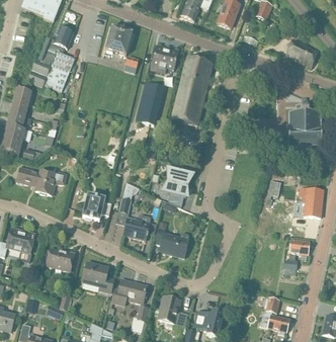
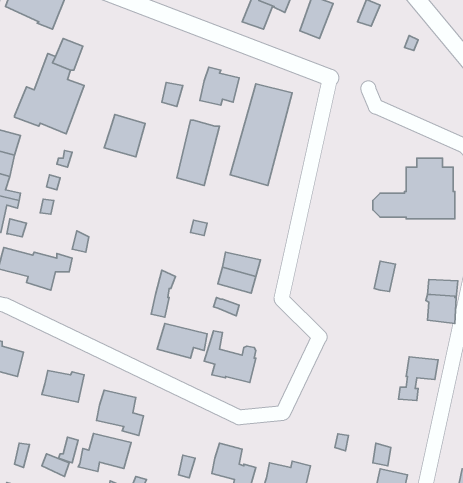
building: [104,26,132,55] -> [104,114,145,157]
building: [285,39,319,67] -> none
building: [82,194,111,221] -> none
building: [111,279,147,305] -> [78,433,131,471]

